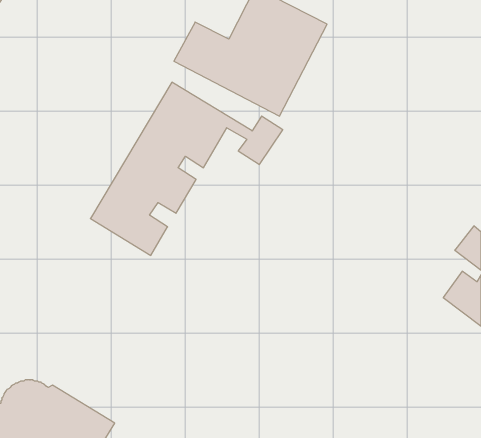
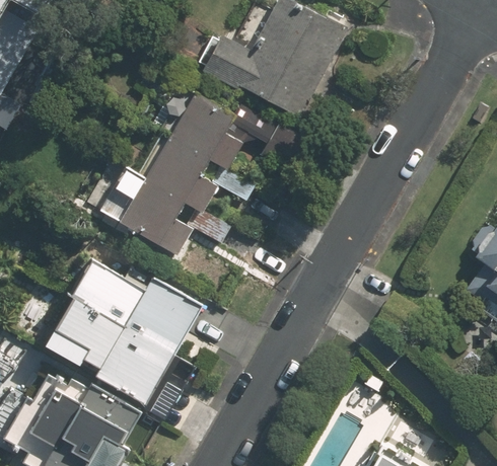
building: none -> [45,259,202,404]

